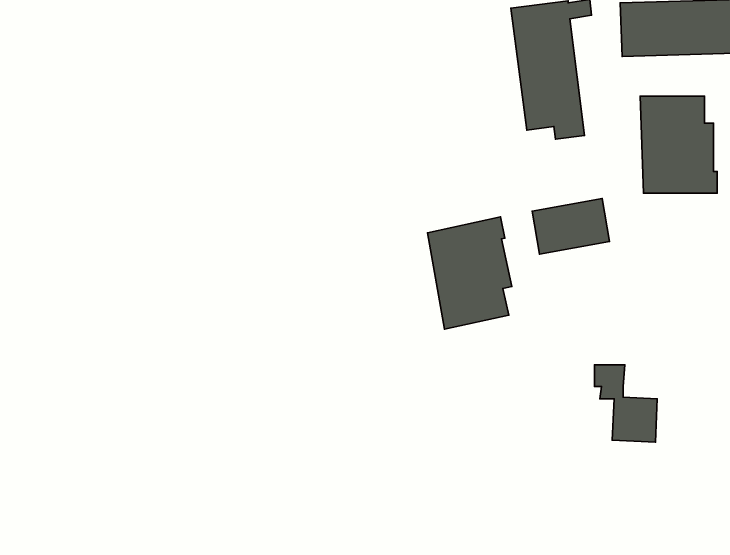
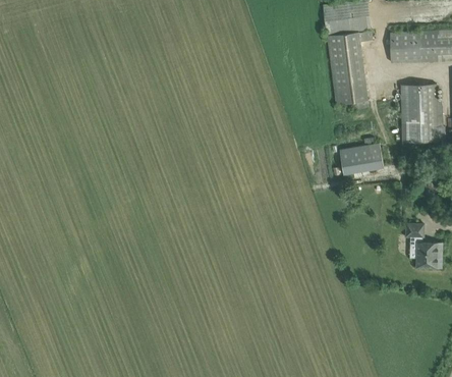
building: [427,217,512,329] -> none
building: [594,365,657,442] -> [405,223,441,267]

